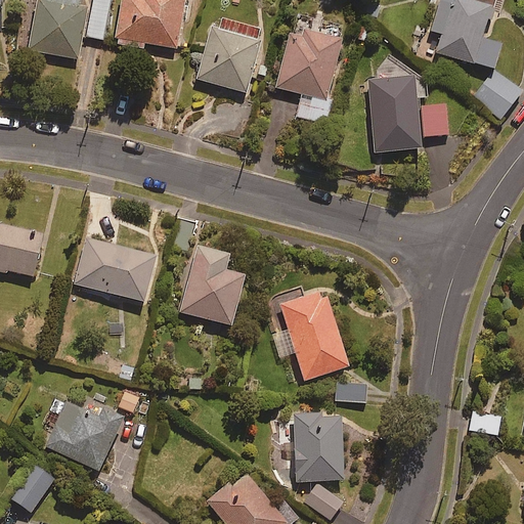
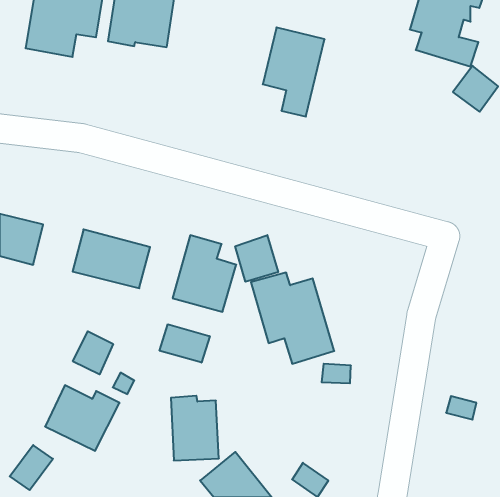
building: [195,19,261,93] -> none
building: [366,77,446,154] -> none
building: none -> [235,235,278,282]
building: none -> [160,324,210,363]
building: none -> [73,331,113,374]
building: [295,413,345,481] -> [171,396,219,460]

